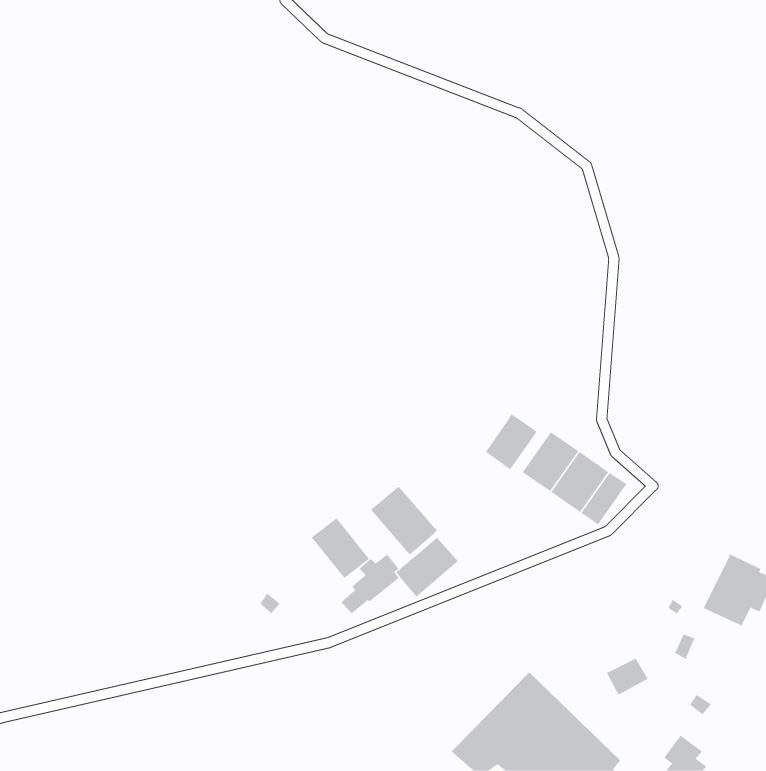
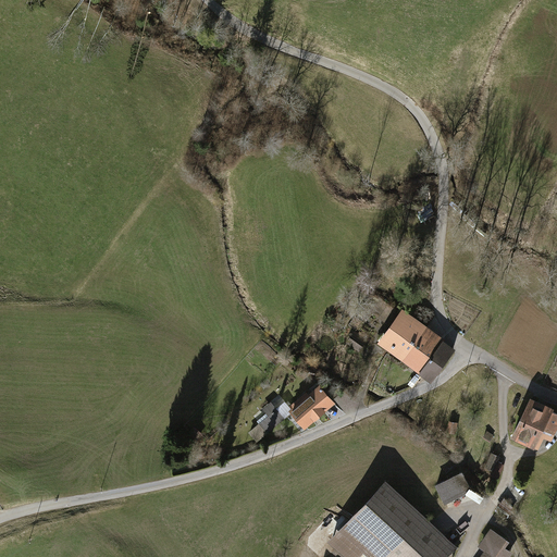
building: [485,413,538,470] -> none
building: [370,486,438,555] -> none
building: [311,517,370,579] -> none

